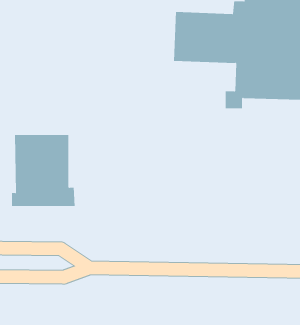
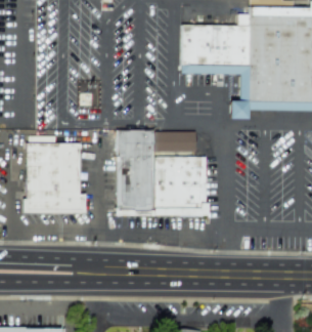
building: none -> [117,130,208,215]

